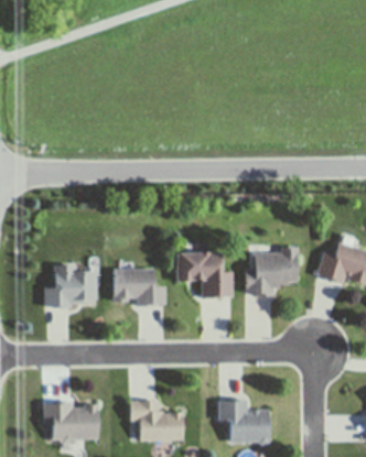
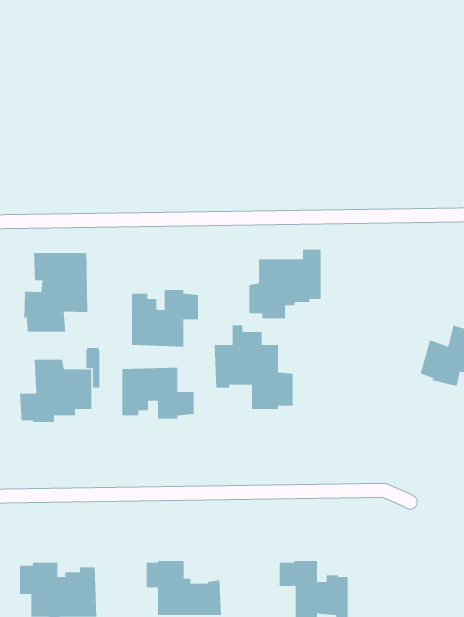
building: none -> [24,252,88,333]
building: none -> [132,289,199,347]
building: [247,248,297,295] -> [248,249,322,319]

